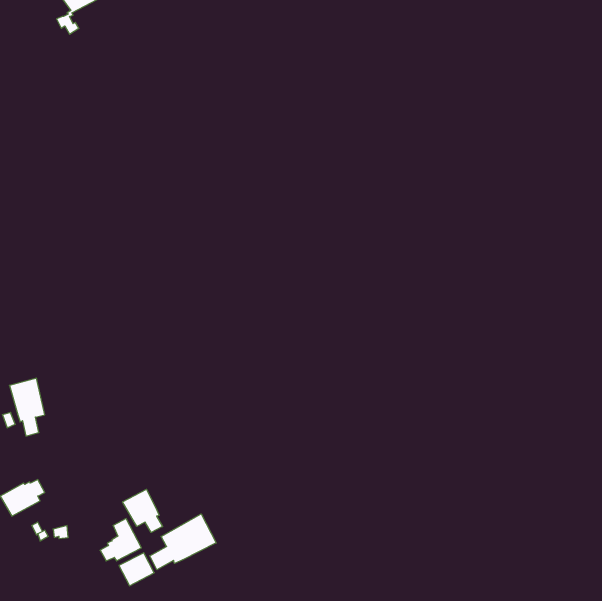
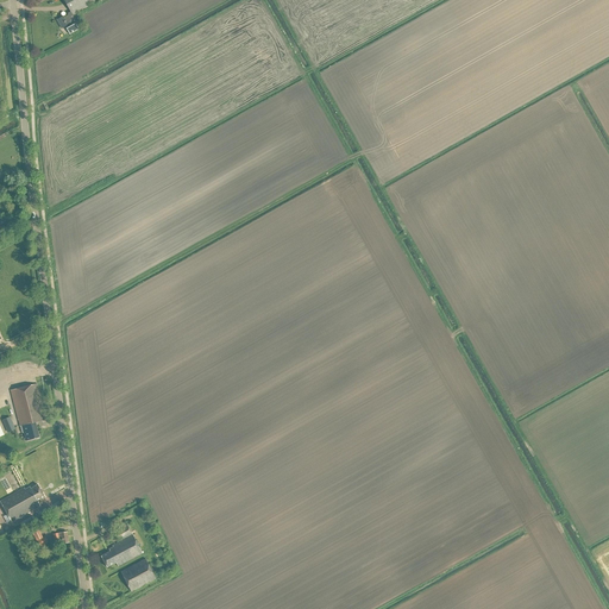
building: [123,489,163,532] -> none
building: [150,514,216,570] -> none

